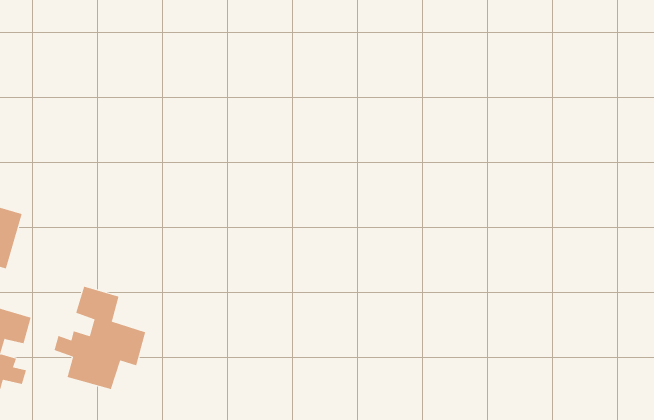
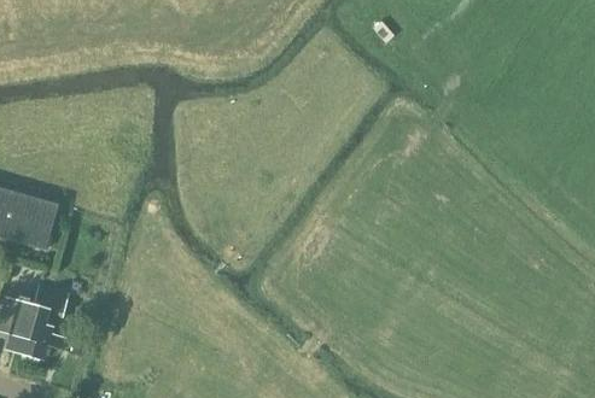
building: [54,286,146,390] -> none

